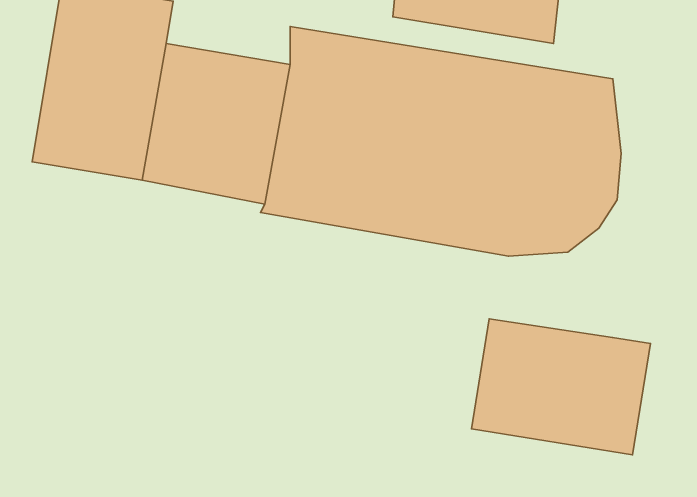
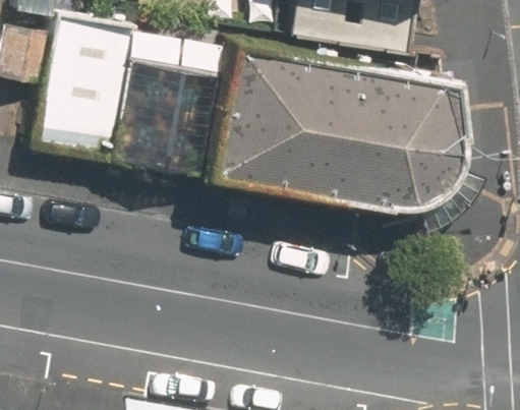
building: [472,319,651,455] -> none

